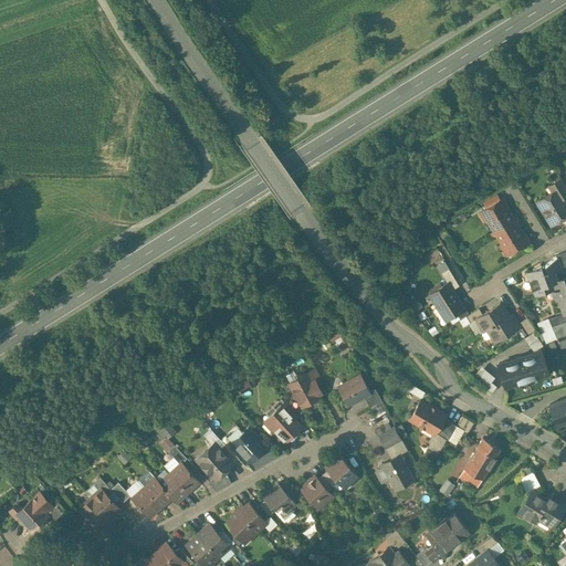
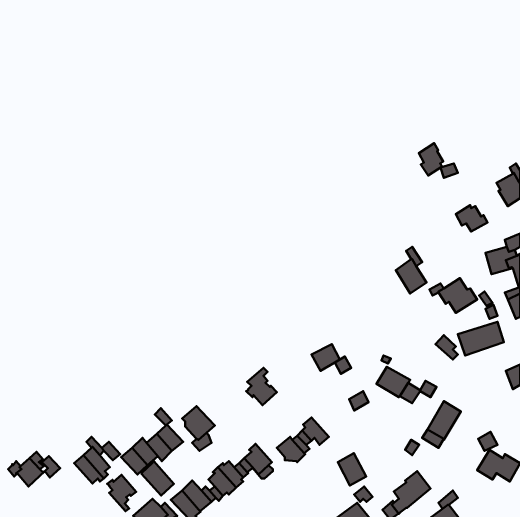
building: [485,200,512,235] -> [419,143,443,176]
building: [289,375,321,408] -> none
building: [232,429,271,468] -> none
building: [381,455,412,491] -> [338,453,366,486]
building: none -> [141,461,174,495]
building: none -> [107,475,136,511]

